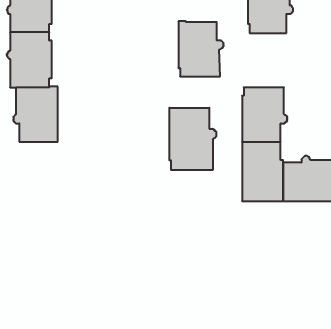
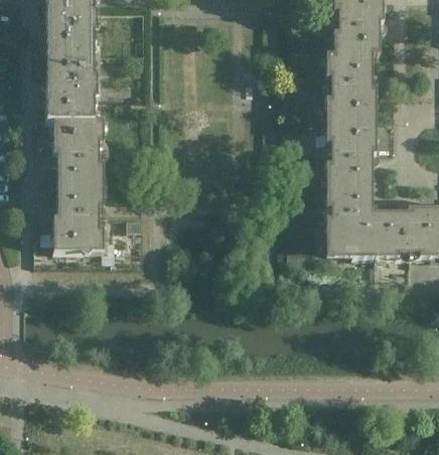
building: [178,21,224,76] -> [326,51,381,118]
building: [169,108,216,170] -> none
building: none -> [50,183,104,250]

